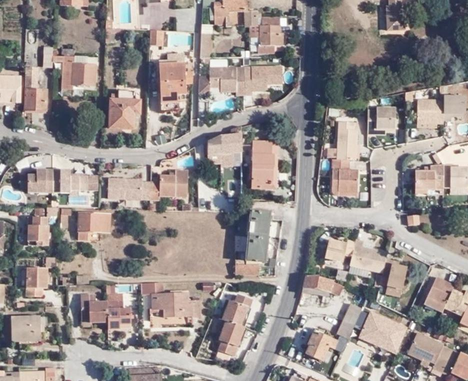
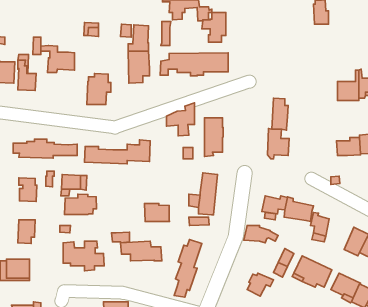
building: [366,107,394,134] -> none
building: none -> [65,194,97,214]
building: none -> [145,204,170,222]

